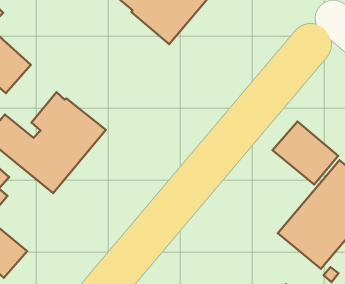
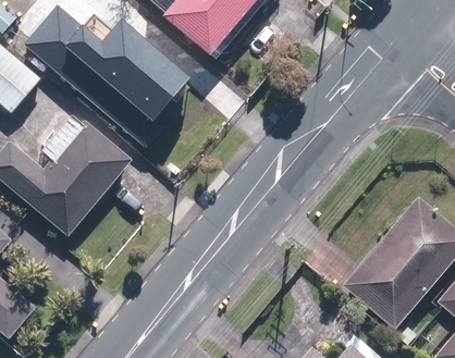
building: none -> [26,7,199,148]
building: [272,121,338,185] -> none

